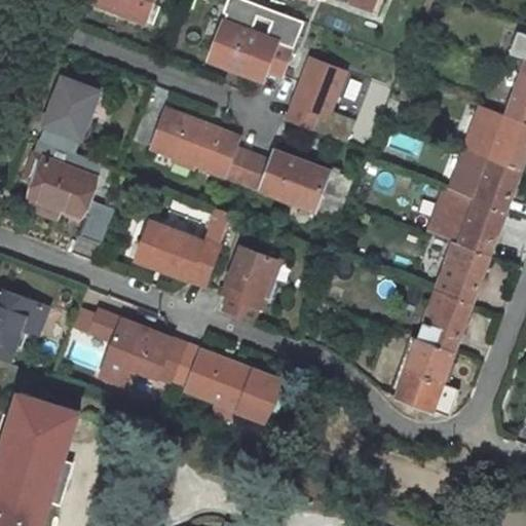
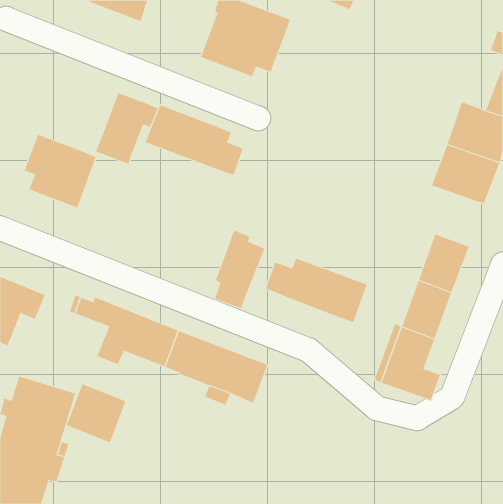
building: [287,58,354,142] -> none
building: [39,78,105,153] -> [95,92,158,164]
building: [243,151,350,219] -> [265,258,368,323]
building: [428,191,504,257] -> none
building: [78,199,113,243] -> none
building: [135,209,231,286] -> none
building: none -> [66,383,126,443]

